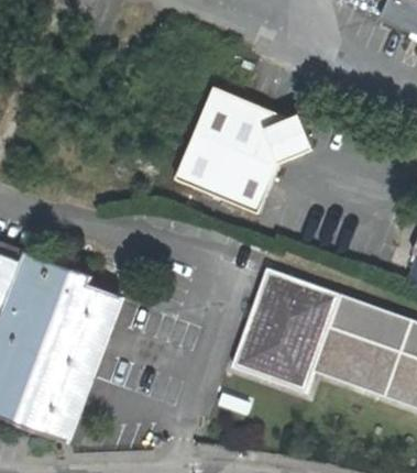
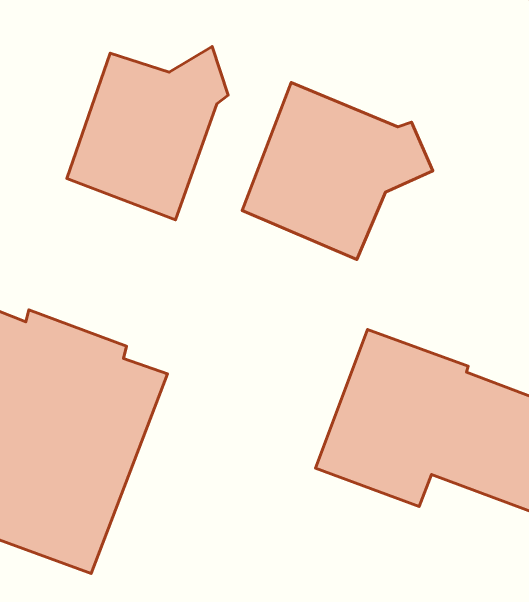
building: none -> [67,47,228,220]

